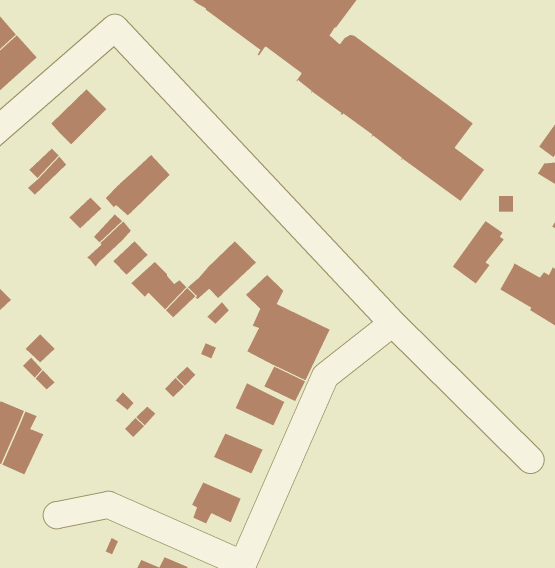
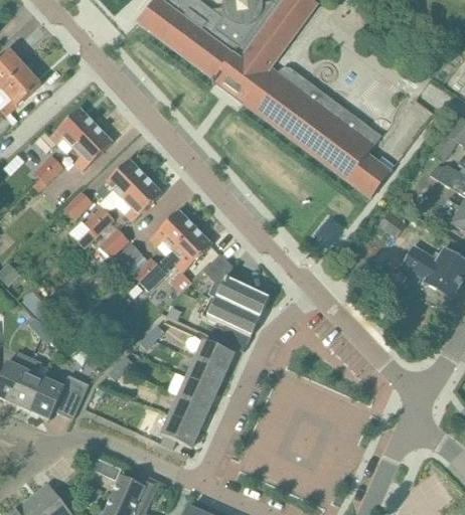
building: none -> [72,124,112,169]
building: none -> [115,175,161,220]
building: none -> [151,209,194,247]
building: none -> [186,357,224,389]
building: none -> [30,375,89,418]
building: none -> [169,395,207,427]

